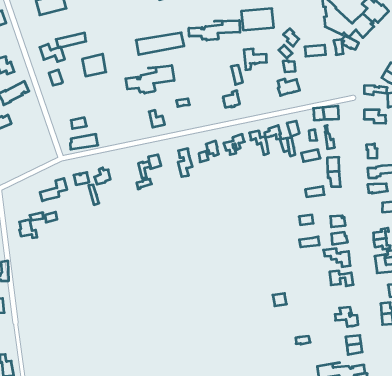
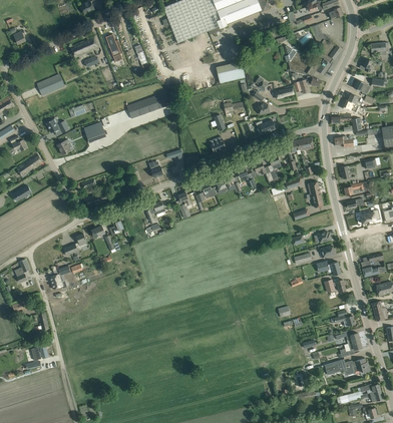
building: [189,20,240,40] -> none
building: [126,65,174,93] -> none

